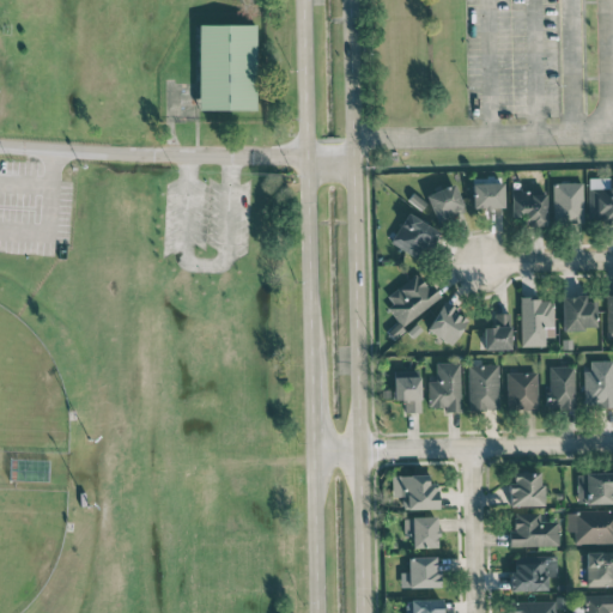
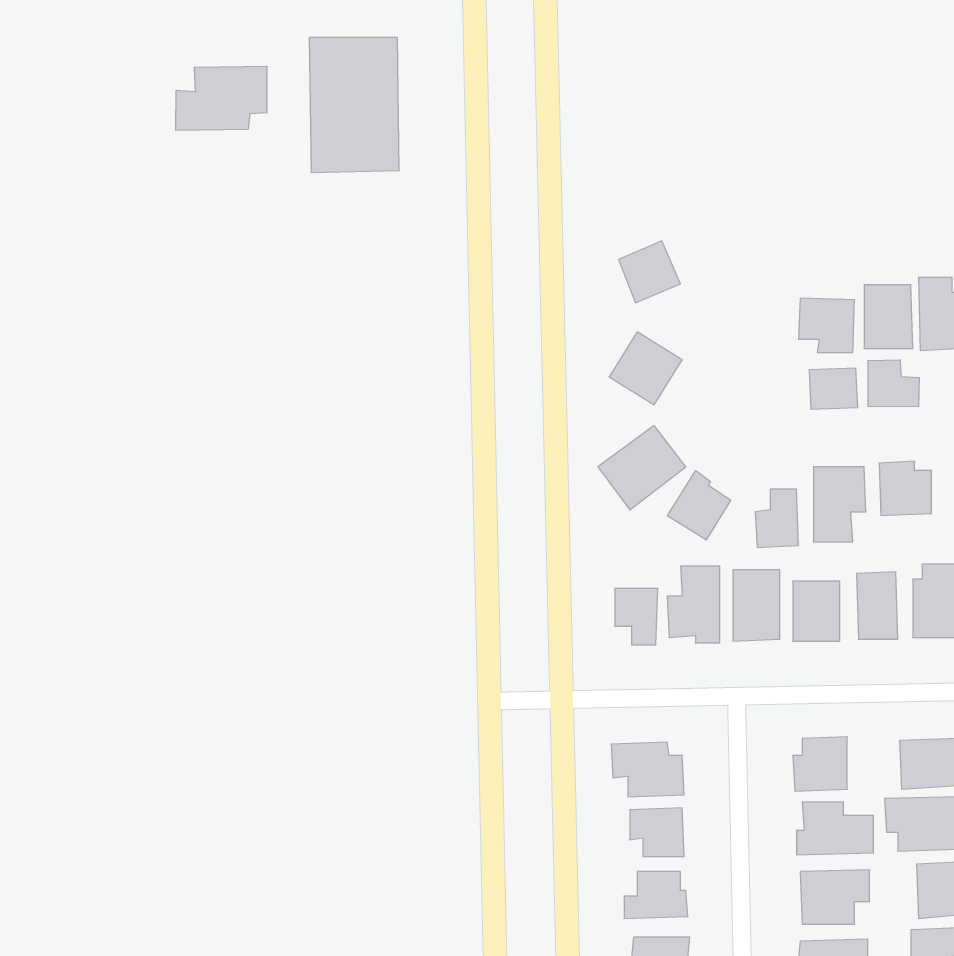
building: none -> [176,66,267,130]
building: [474,183,505,210] -> [809,368,858,409]
building: [427,184,467,224] -> [619,241,680,303]
building: none -> [868,360,919,407]

